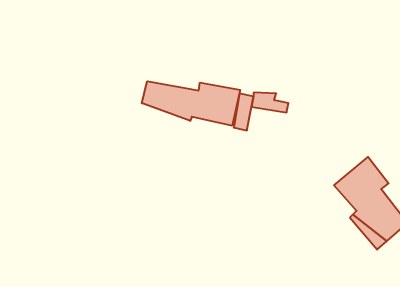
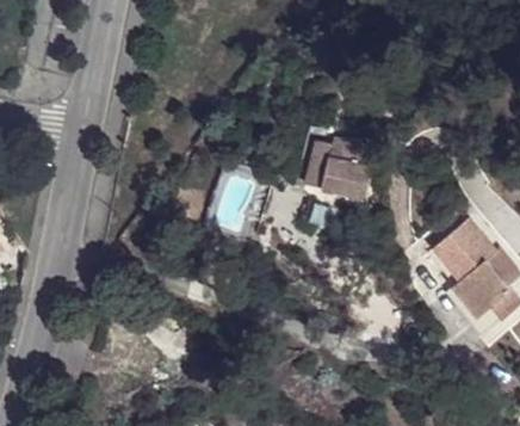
building: [142,81,240,126] -> none
building: none -> [320,156,370,196]

